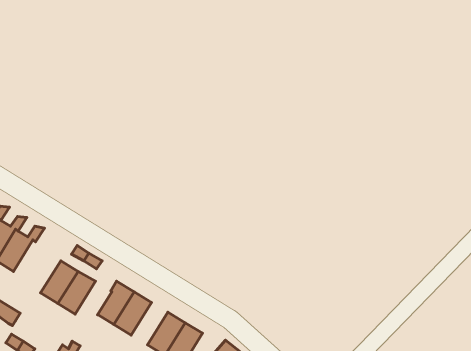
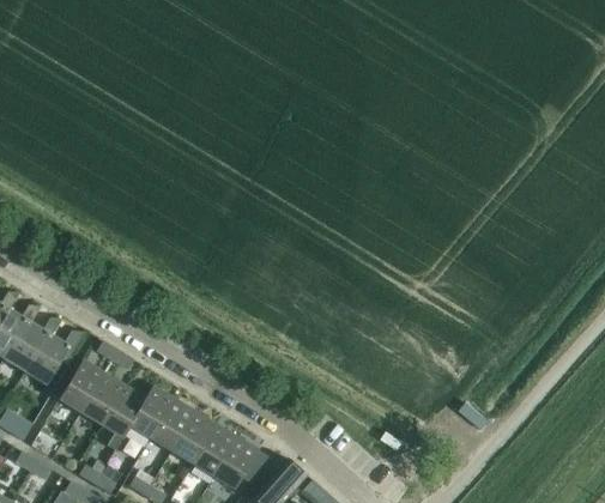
building: none -> [25,331,85,387]
building: none -> [102,386,147,450]
building: none -> [171,412,217,465]

